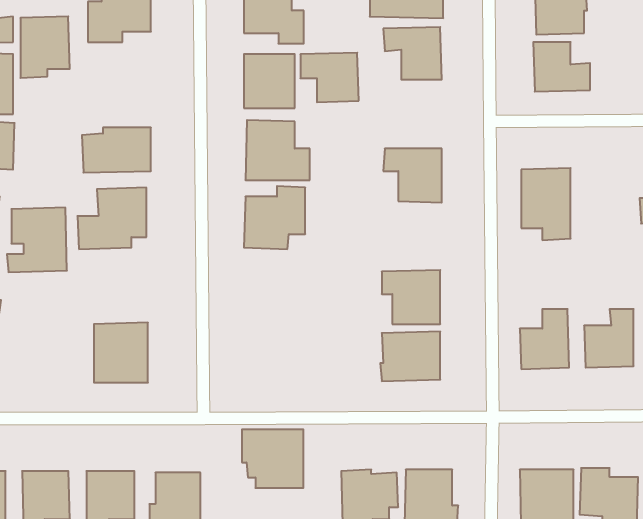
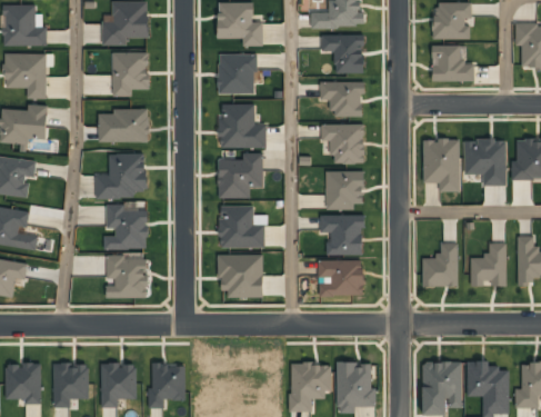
building: [20,16,70,78] -> [112,51,149,97]
building: [300,53,359,102] -> [320,81,363,118]
building: none -> [463,140,507,187]
building: [7,208,67,272] -> [103,202,148,250]
building: none -> [325,171,363,210]
building: none -> [219,207,266,248]
building: [242,429,303,488] -> [218,255,263,298]

